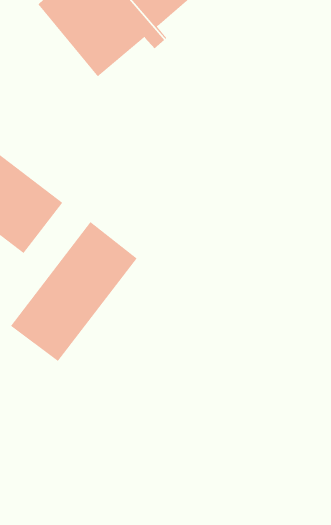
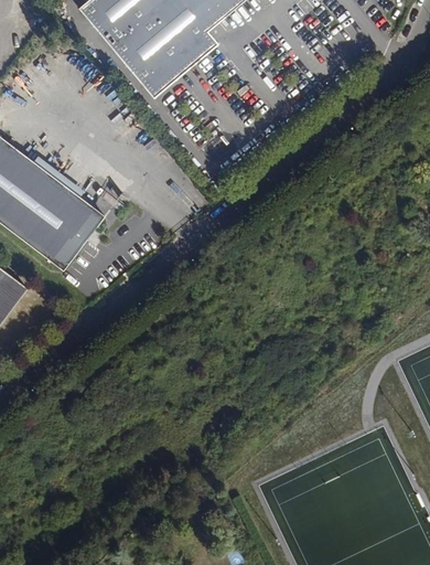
building: none -> [142,41,203,96]
building: [10,221,137,362] -> none

